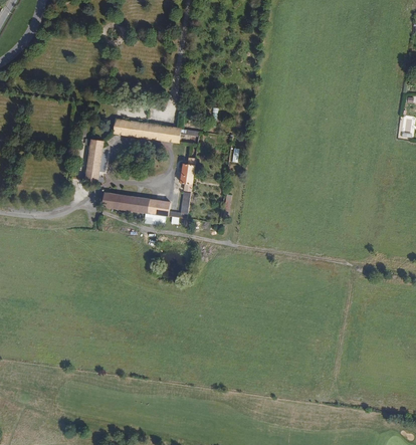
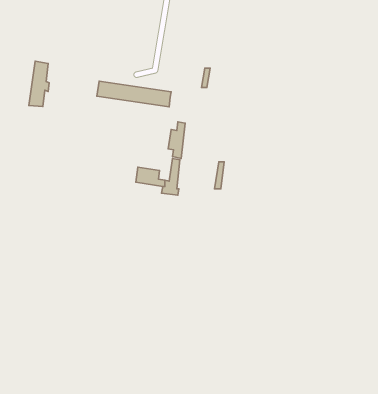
building: [84,139,103,181] -> [29,61,49,106]
building: [102,193,151,213] -> none

